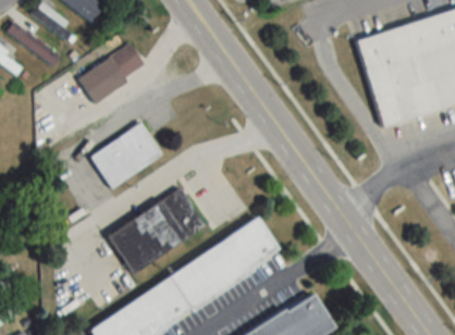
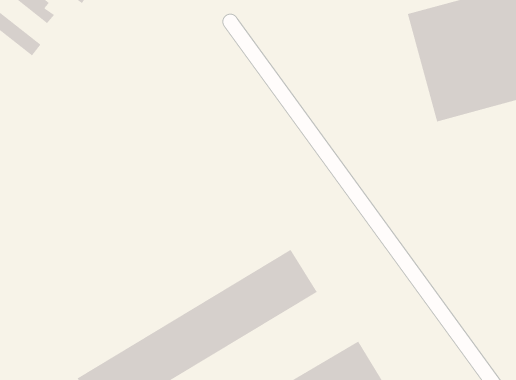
building: [78,44,144,102] -> none
building: [90,124,161,188] -> none
building: [108,189,205,273] -> none

